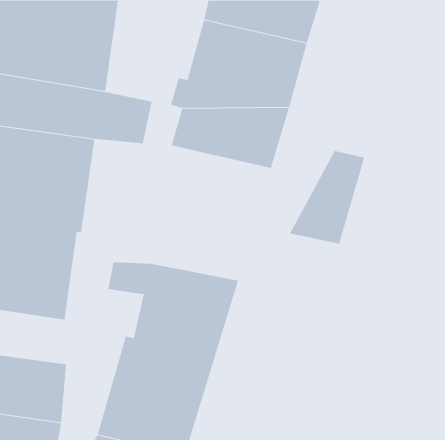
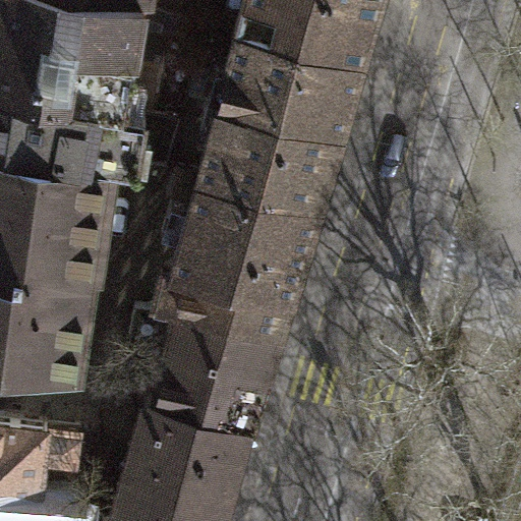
building: none -> [168,180,313,336]
building: [289,150,365,244] -> none

